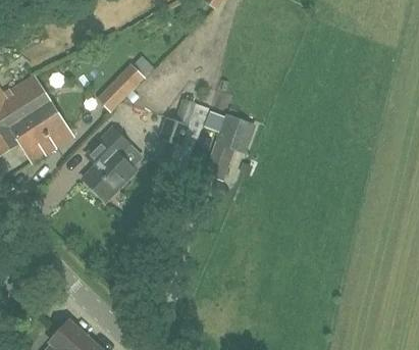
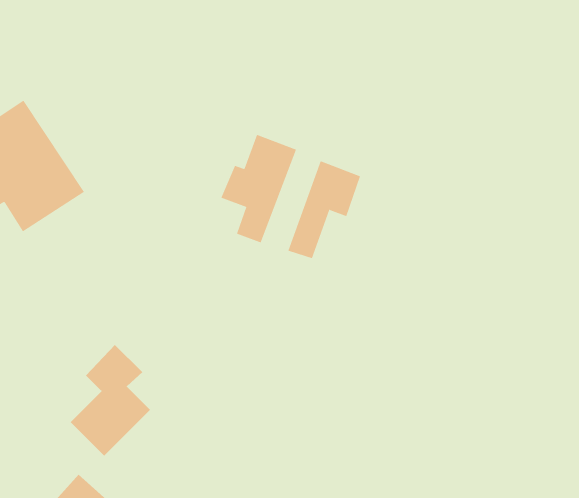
building: [99,55,156,111] -> none
building: [83,128,136,201] -> [70,344,151,457]

